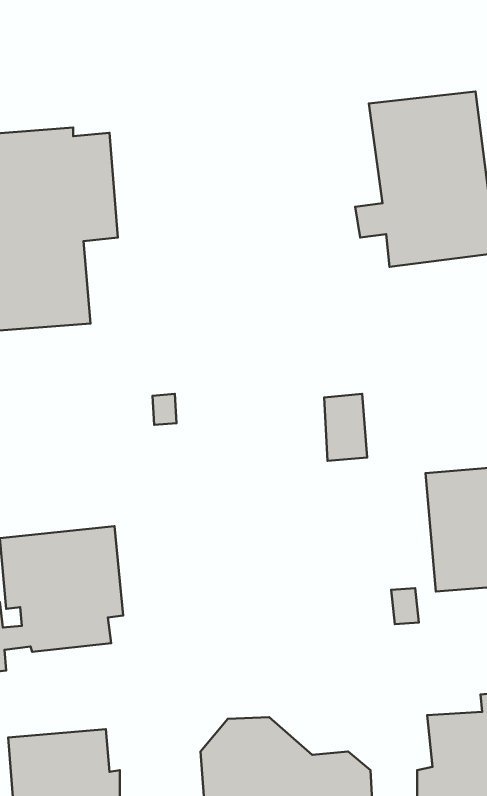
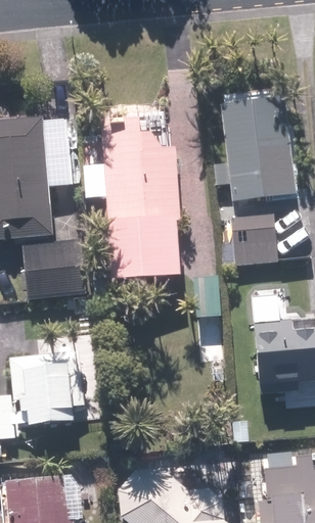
building: none -> [87,117,183,279]
building: none -> [220,215,276,265]
building: none -> [24,240,87,295]

